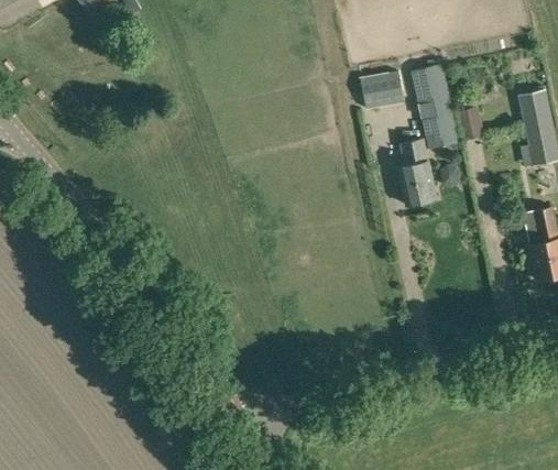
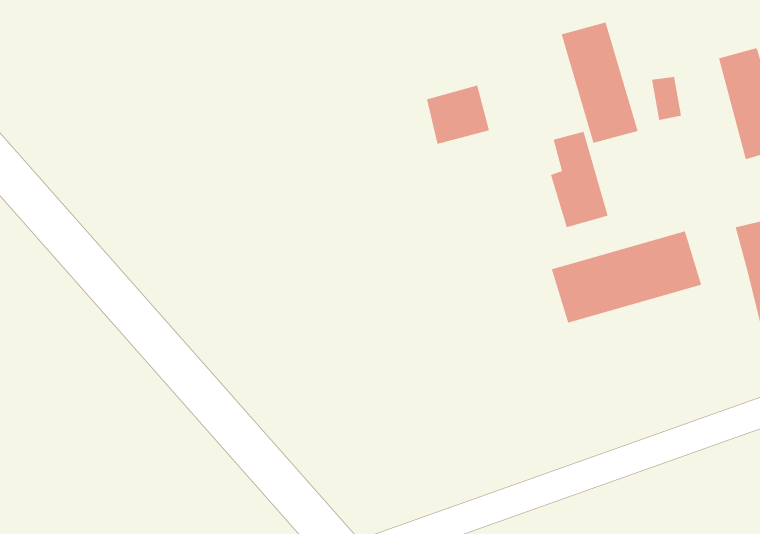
building: [361,70,404,110] -> [426,85,490,145]
building: none -> [551,231,702,323]

